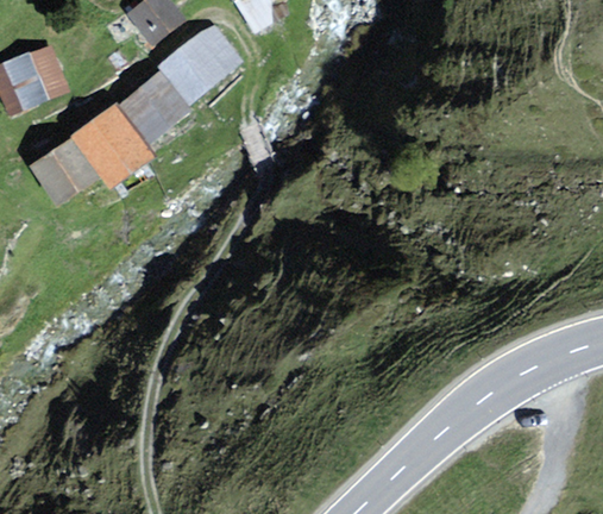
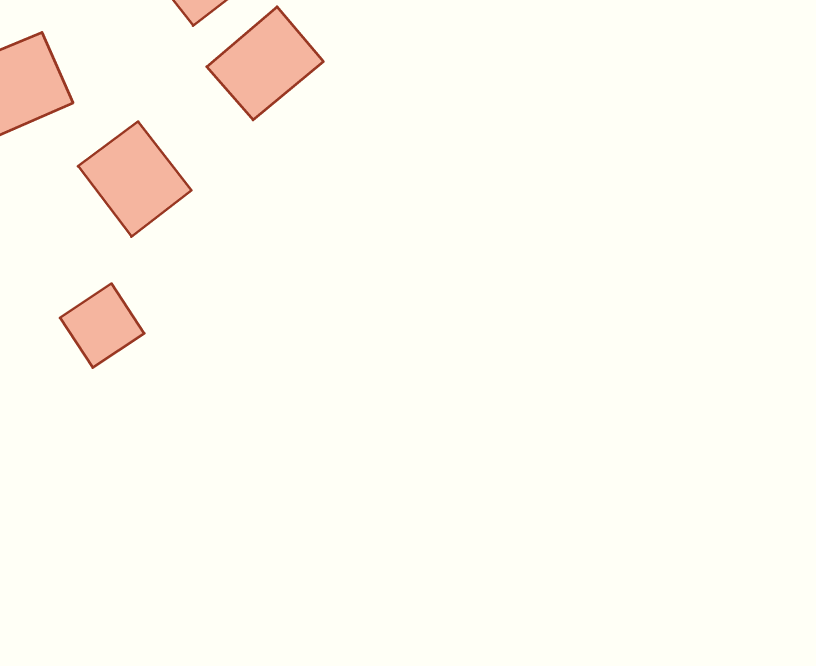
building: [120,77,186,142] -> none
building: [32,144,90,202] -> [60,284,144,368]

